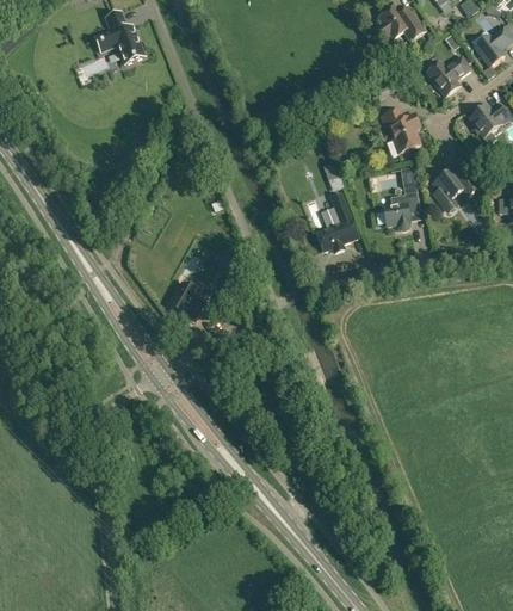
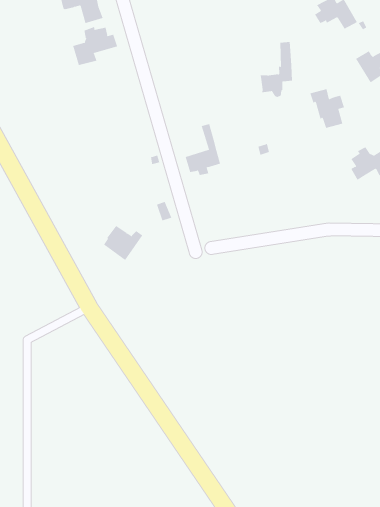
building: none -> [73,26,118,66]
building: [382,166,419,229] -> [260,41,293,98]
building: [316,193,357,252] -> [185,124,221,176]

